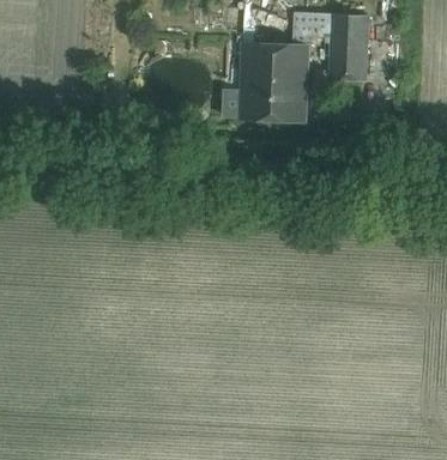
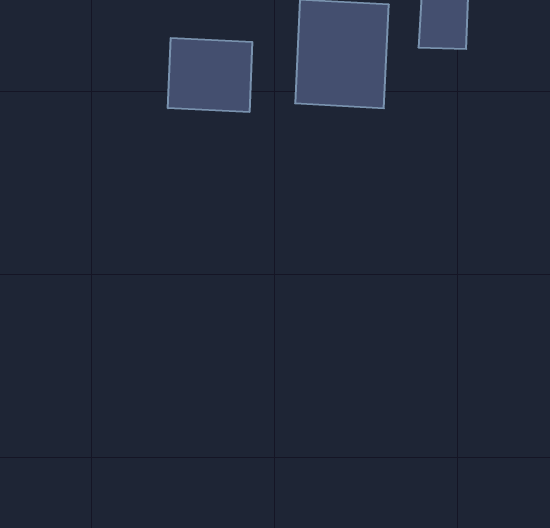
building: none -> [168,38,252,112]

